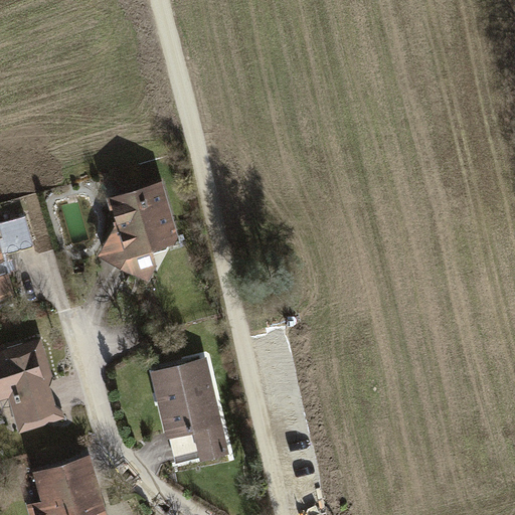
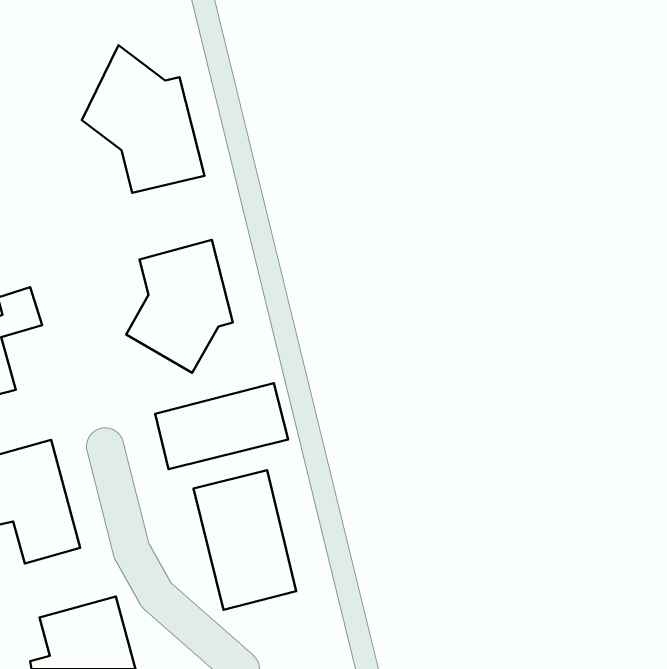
building: none -> [82,45,205,193]
building: none -> [155,383,288,469]

